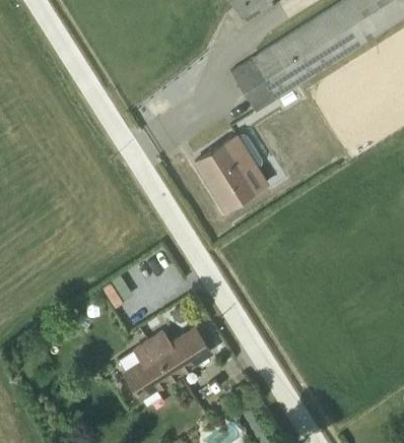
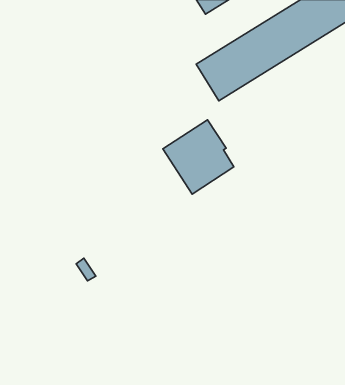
building: [118,327,210,397] -> none

